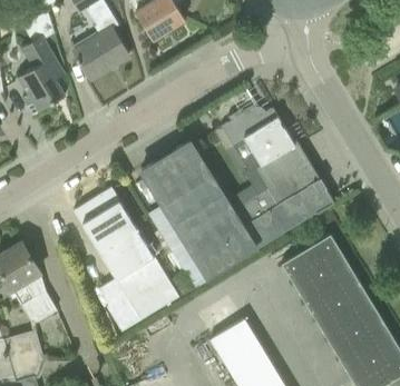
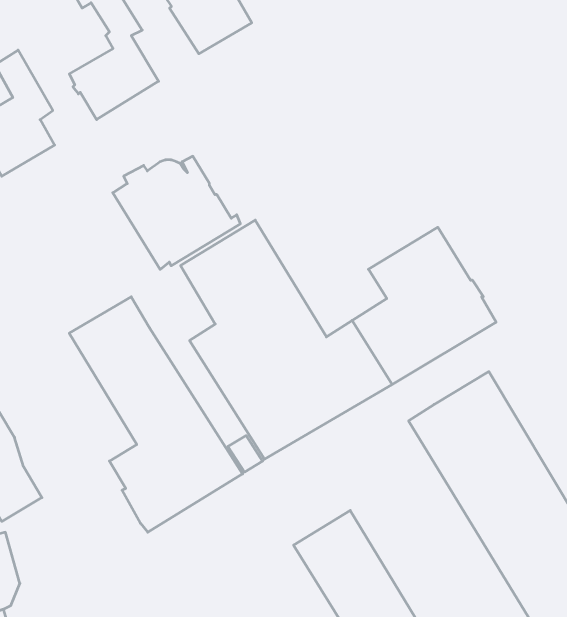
building: [221,103,299,172] -> [113,156,240,269]

